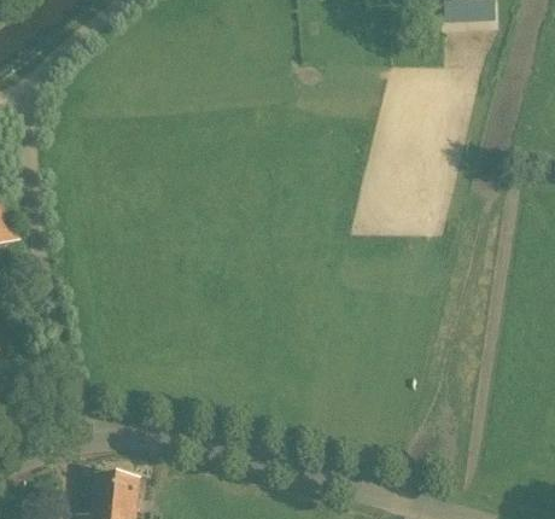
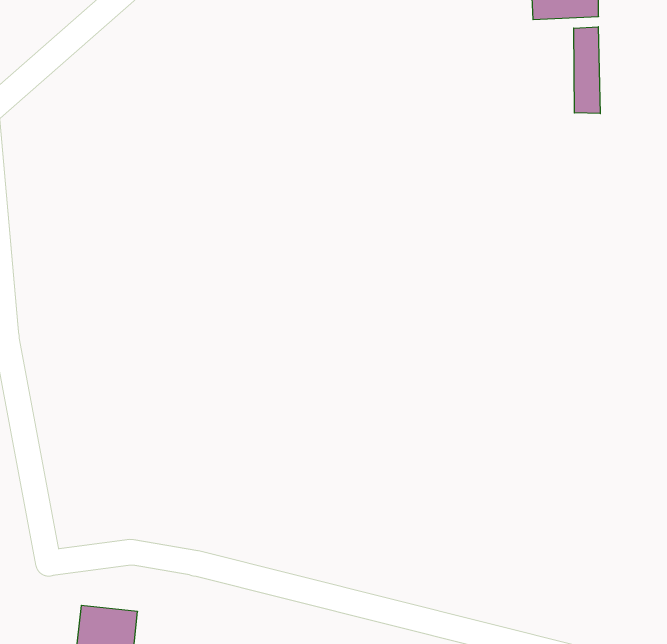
building: none -> [574,27,600,114]

